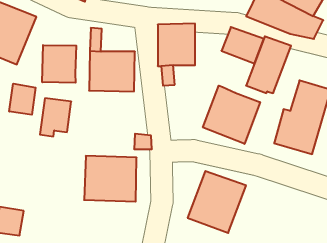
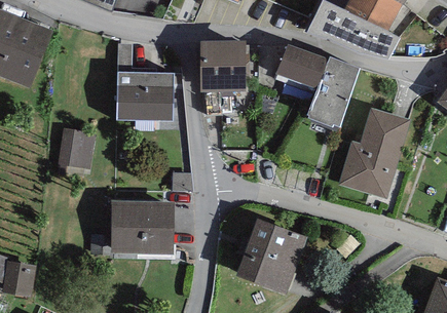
building: [42,45,76,83] -> none
building: [9,84,36,115] -> none
building: [203,86,260,144] -> none

